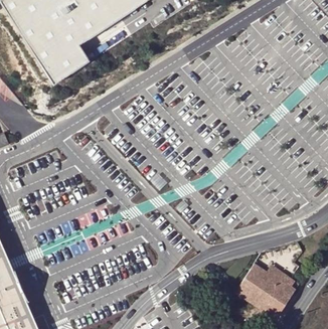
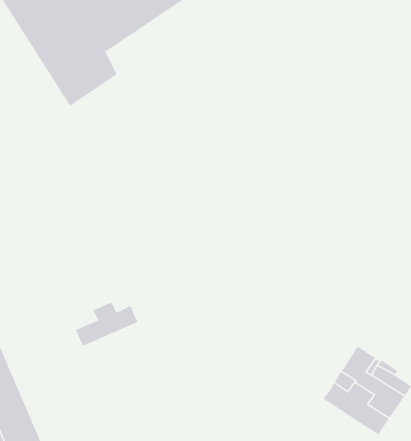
building: none -> [75,302,139,347]

